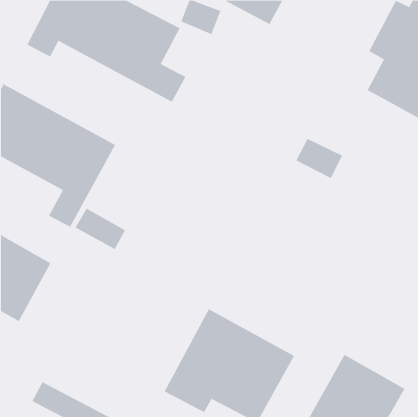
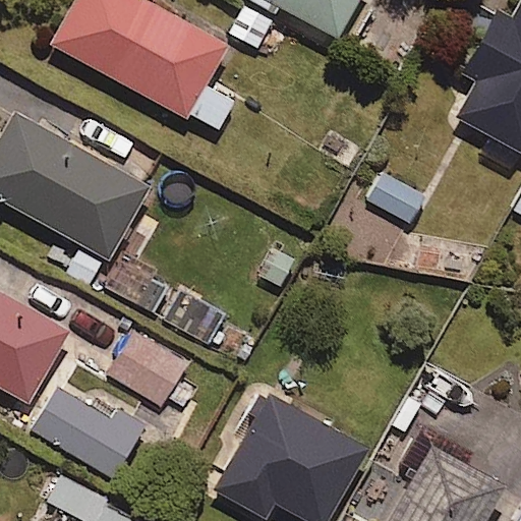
building: none -> [106,333,188,411]
building: none -> [27,383,140,478]

